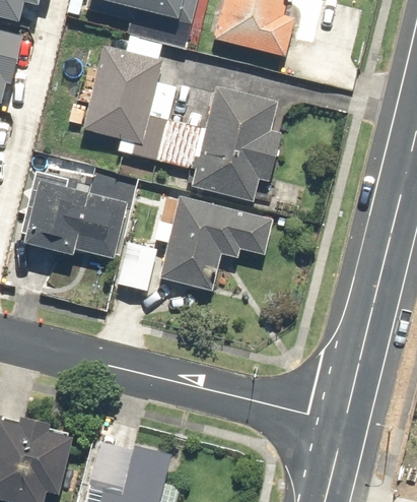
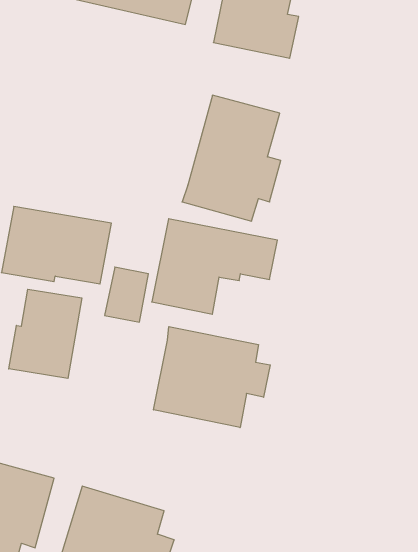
building: [77,35,201,168] -> none
building: none -> [9,289,82,378]
building: none -> [154,327,270,428]

